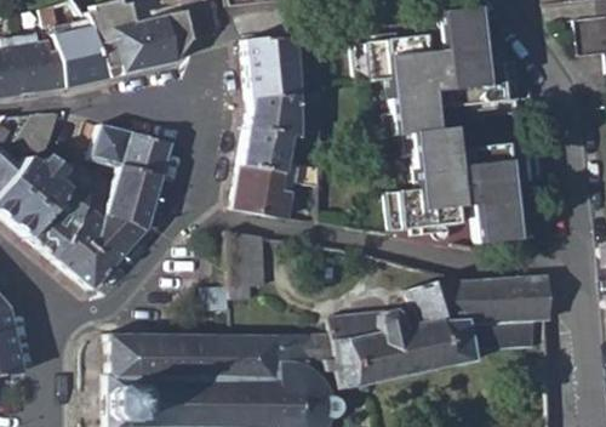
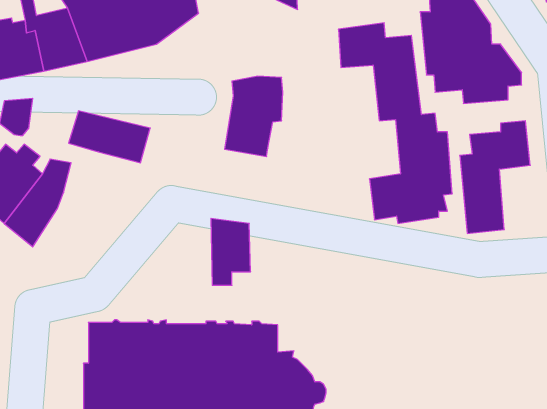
building: [245,34,299,97] -> none
building: [236,163,322,217] -> none
building: [56,166,161,289] -> none
building: [296,273,550,387] -> none

